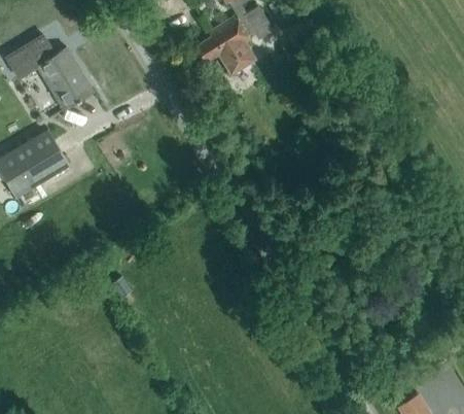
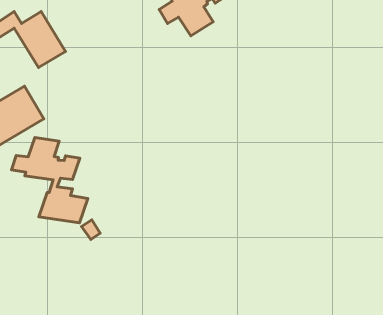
building: none -> [12,137,88,223]

